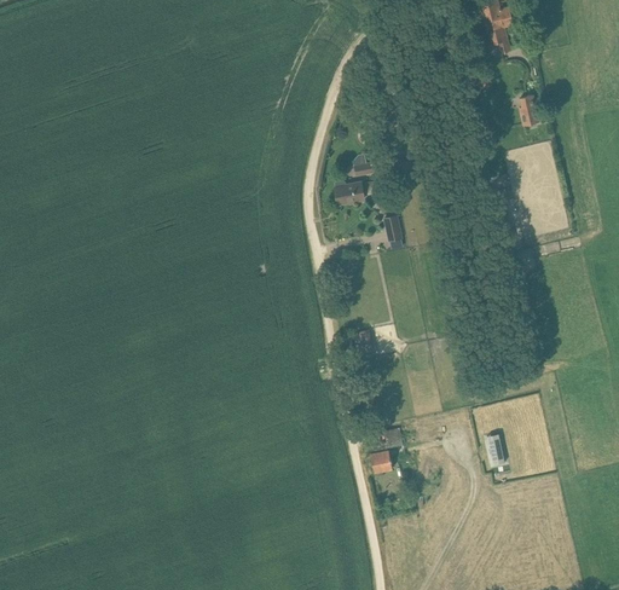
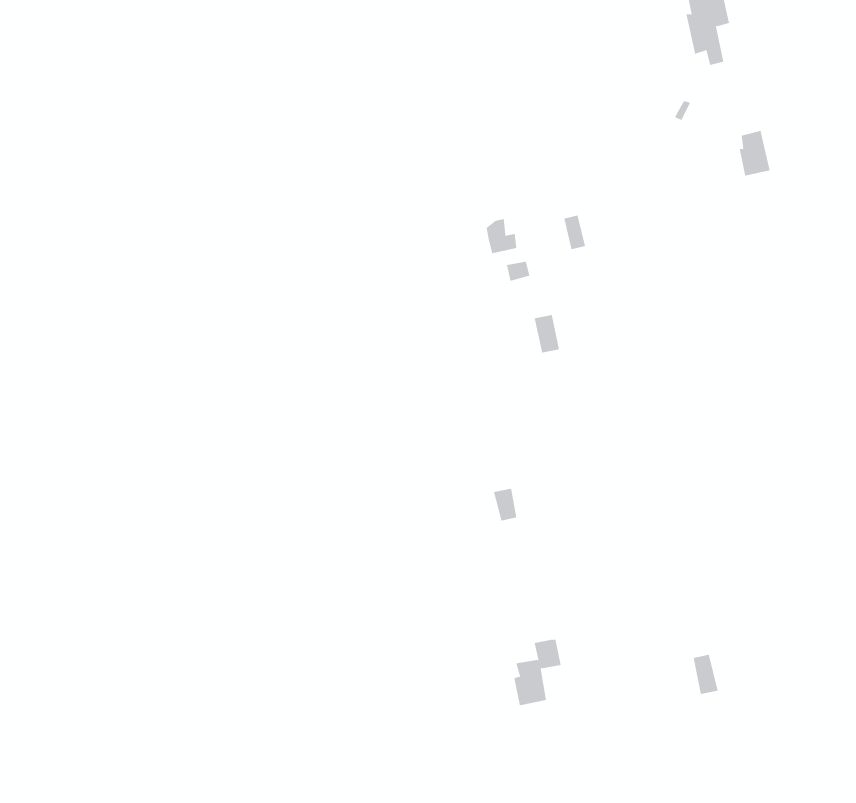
building: [335,179,364,204] -> none

